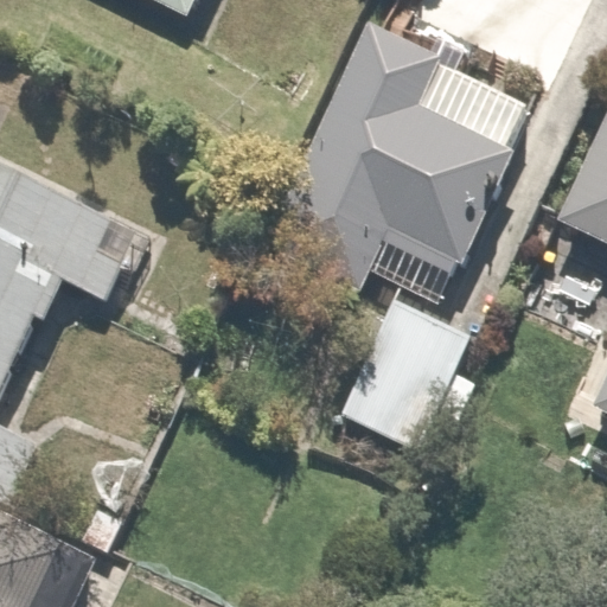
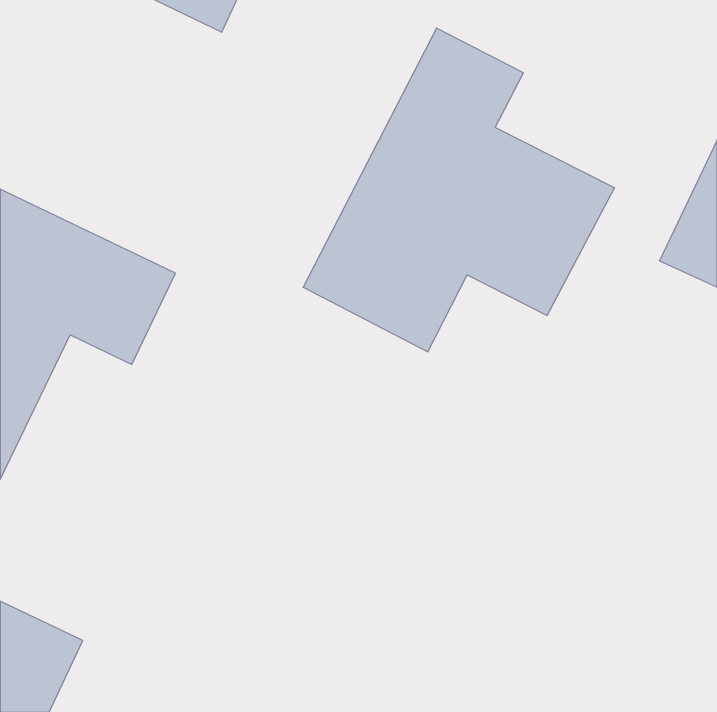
building: [326,293,455,446] -> none

